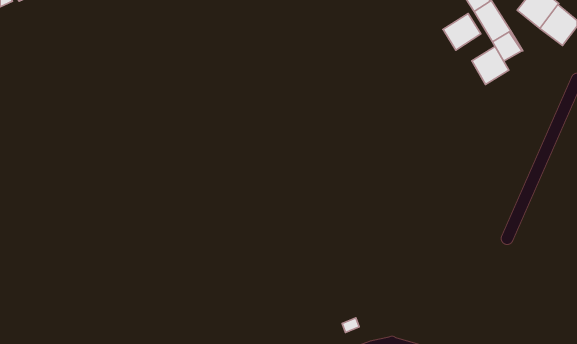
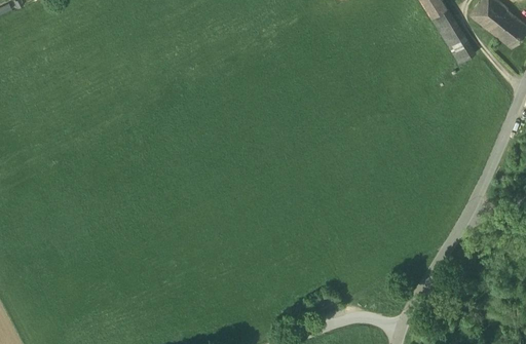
building: [443,13,481,50] -> none
building: [472,47,509,84] -> none

